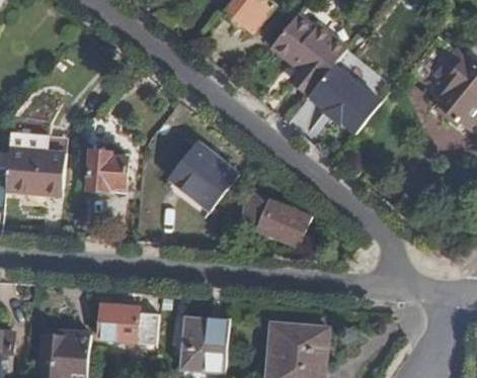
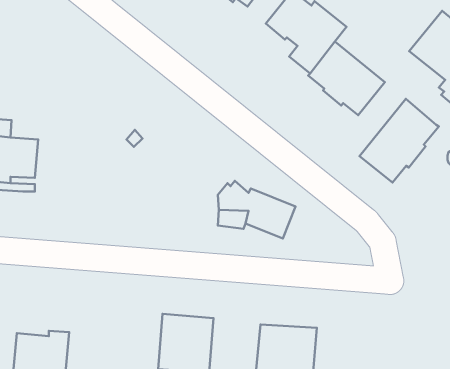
building: none -> [360,99,439,183]
building: [166,145,232,211] -> none
building: [85,155,125,194] -> none
building: [97,308,157,346] -> none

